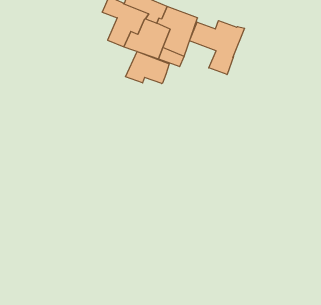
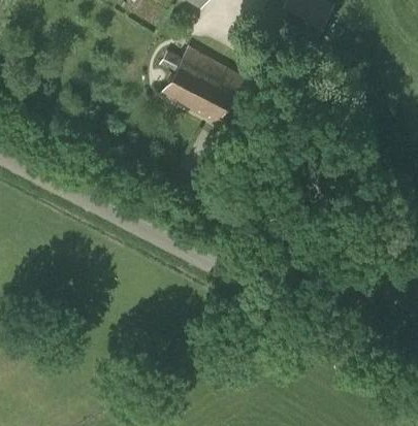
building: [190,21,245,75] -> none
building: [125,51,169,84] -> none

